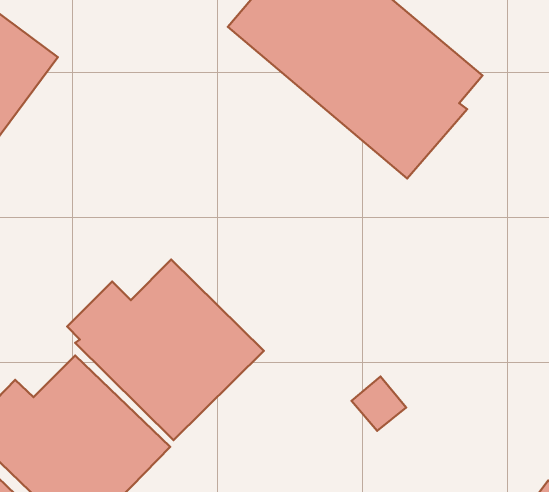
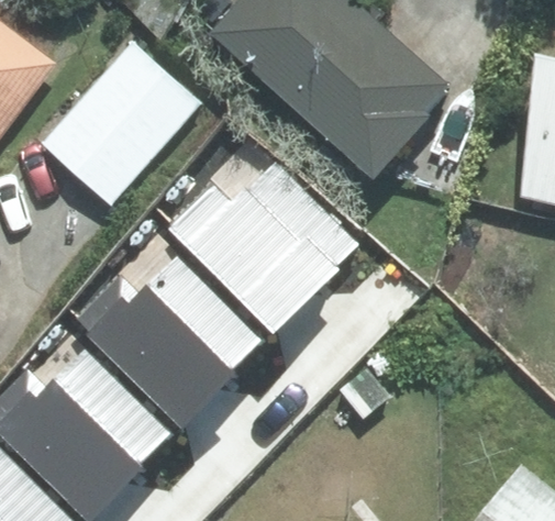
building: none -> [43,42,202,206]
building: none -> [158,162,347,337]

